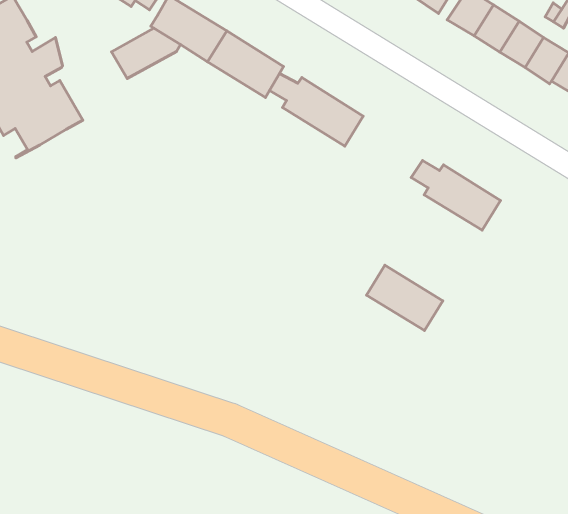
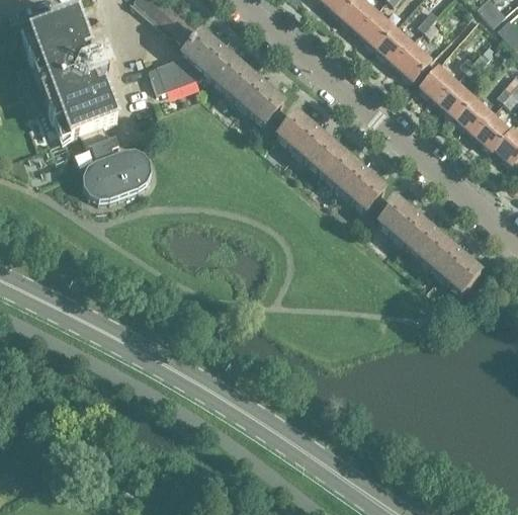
building: none -> [322,151,384,210]
building: none -> [80,123,151,199]
building: [366,265,443,331] -> [420,235,480,291]

